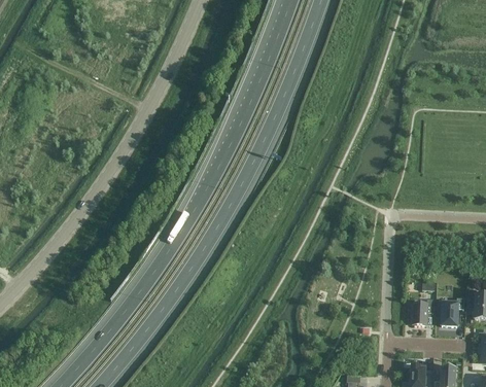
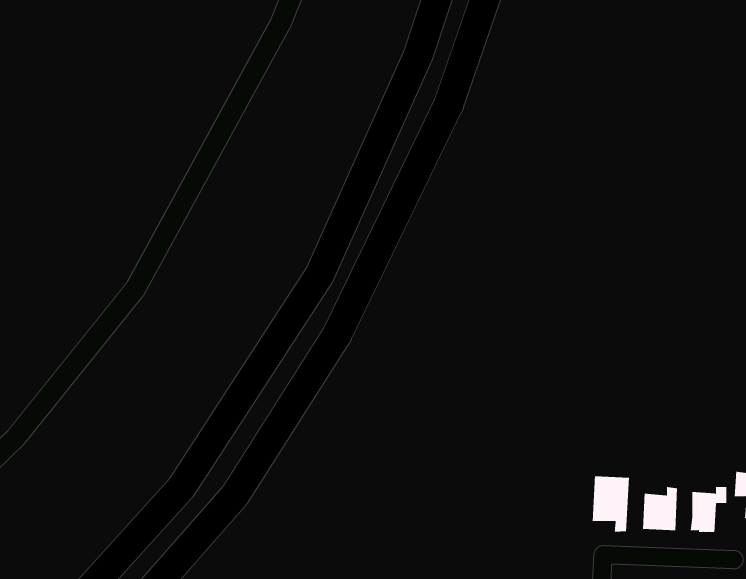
building: none -> [592,476,630,533]

